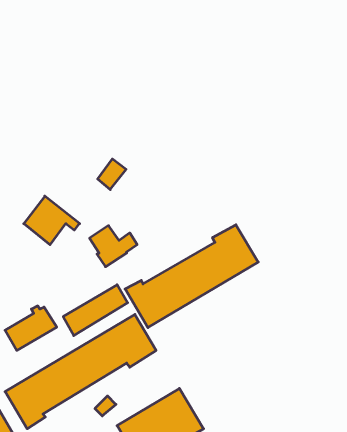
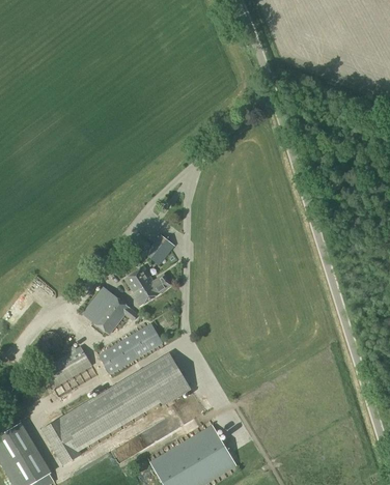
building: [98,159,126,190] -> [145,235,173,265]
building: [24,196,80,245] -> [82,287,137,335]
building: [125,225,258,328] -> none

